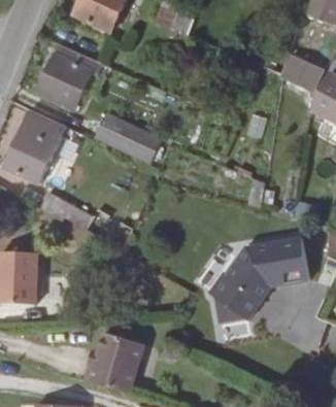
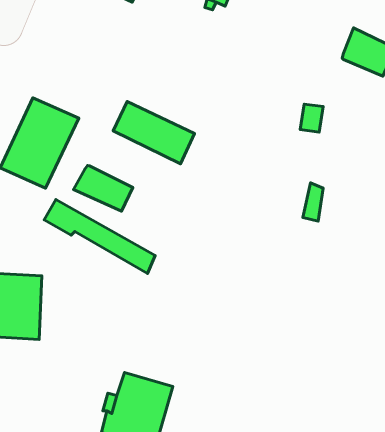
building: [37,54,92,109] -> none
building: none -> [73,166,133,211]
building: [204,240,304,323] -> none

